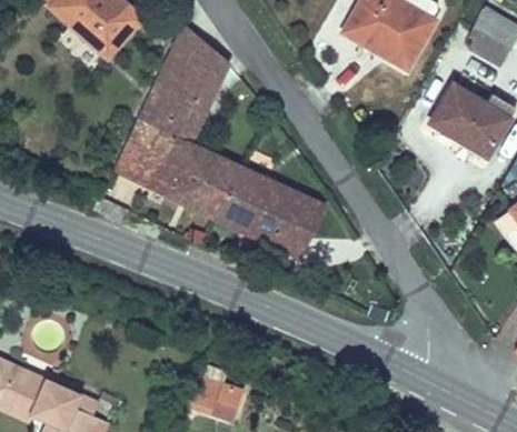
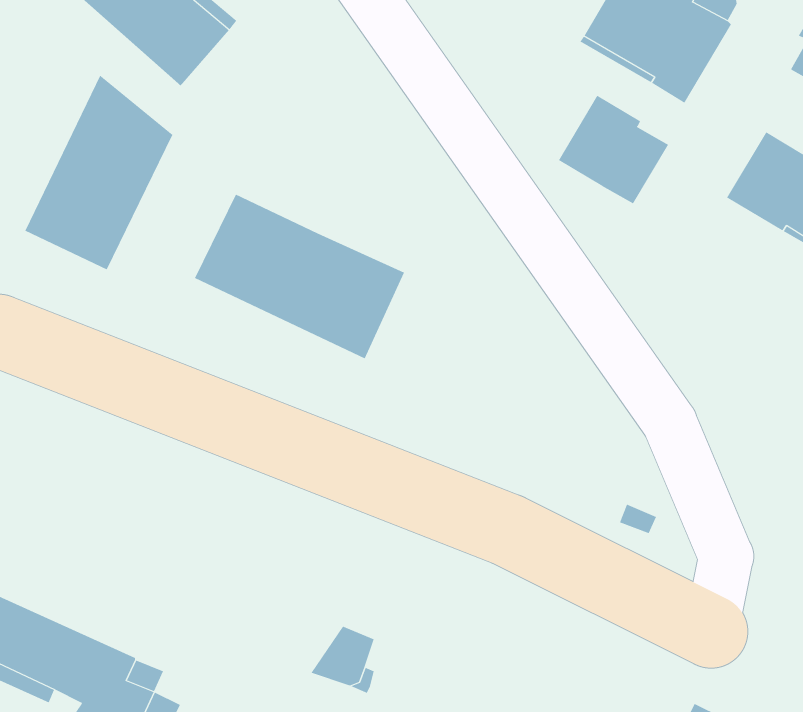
building: [140,28,228,143] -> [25,75,173,270]
building: none -> [558,95,669,204]
building: [217,167,321,255] -> none

